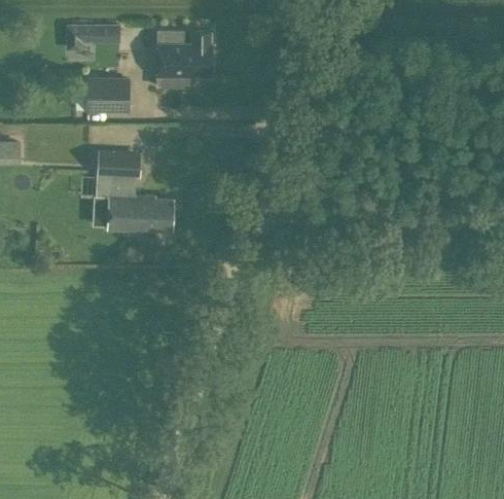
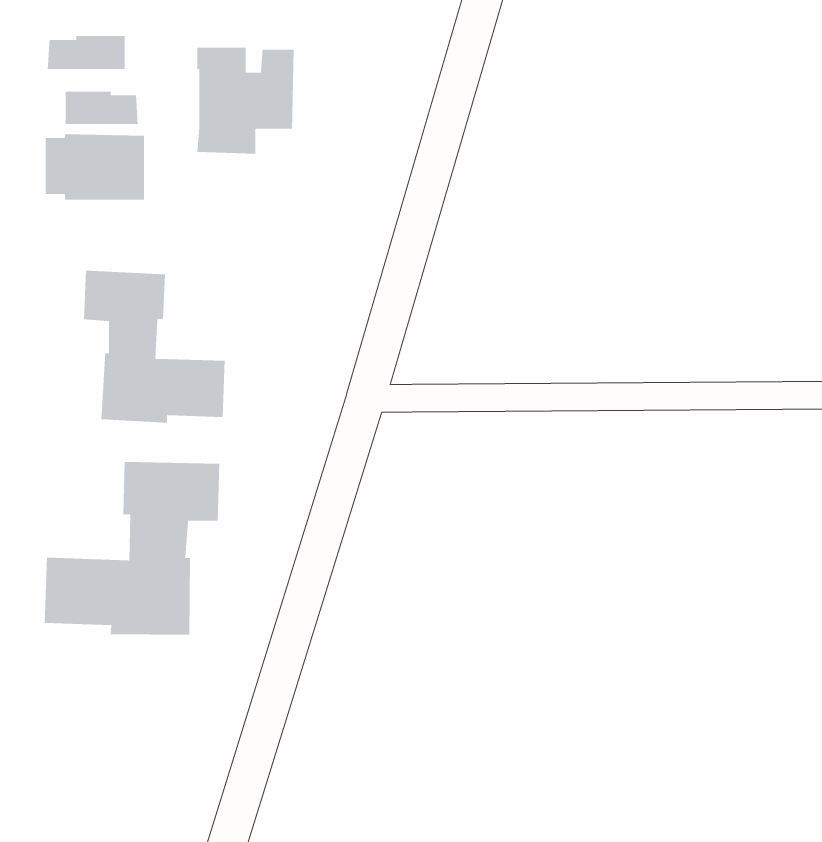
building: none -> [65,91,138,125]
building: none -> [44,461,220,635]

